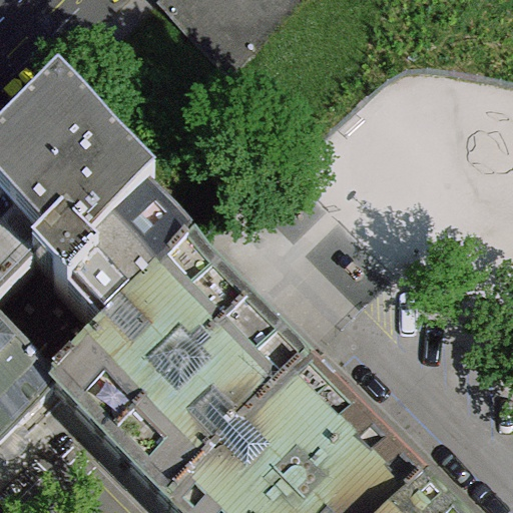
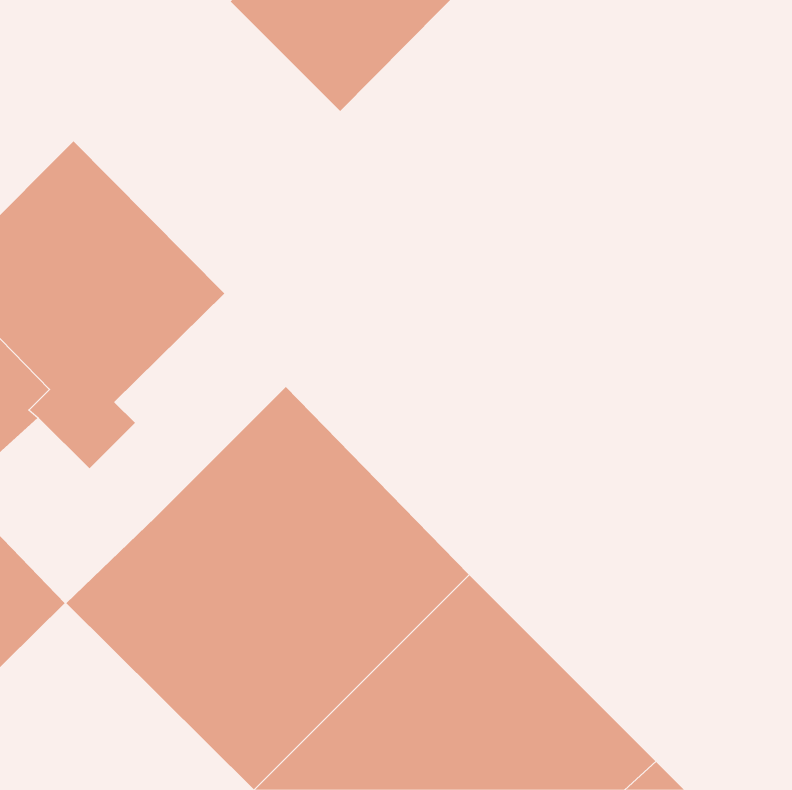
building: [62,184,188,325] -> none

